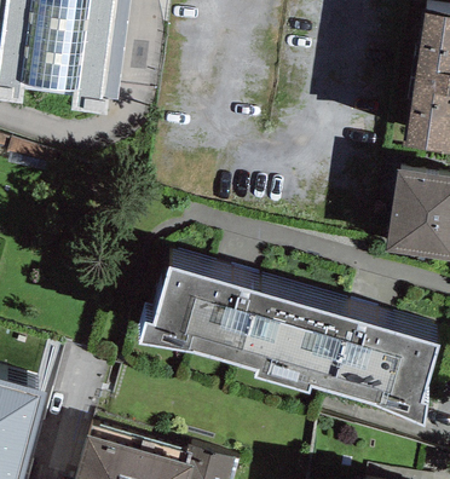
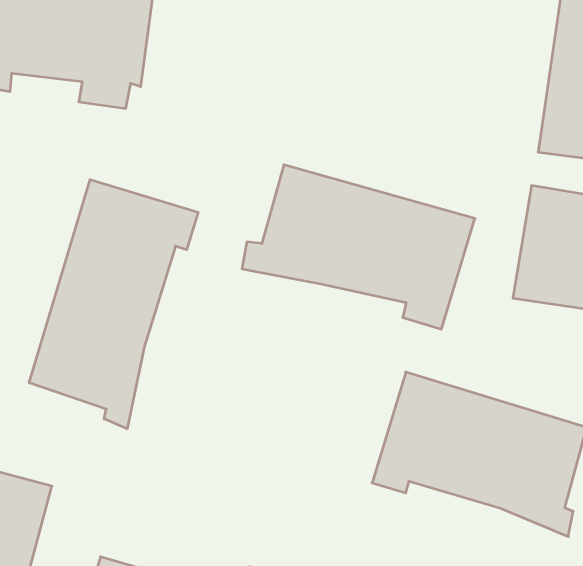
building: none -> [29,180,198,429]
building: [139,264,307,382] -> [242,165,475,329]

